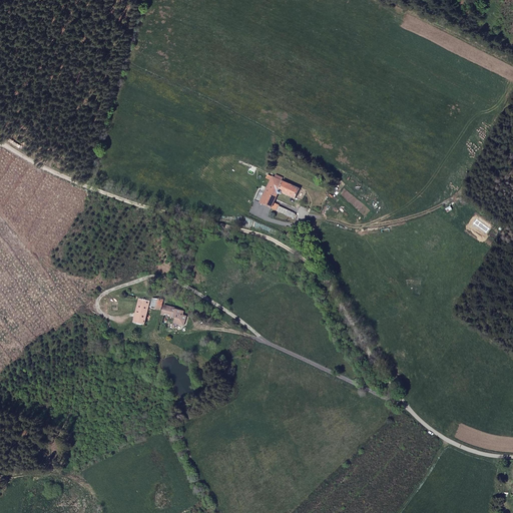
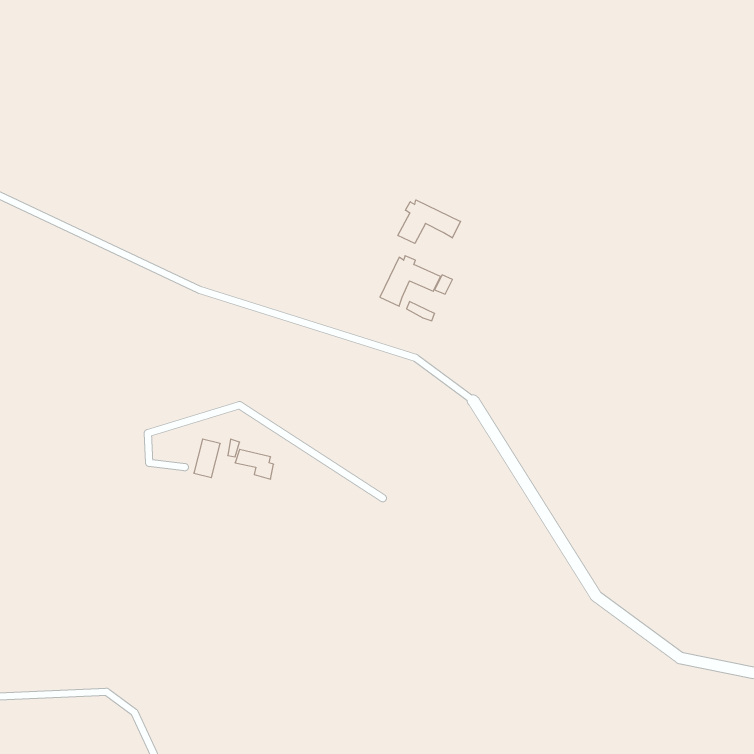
building: none -> [398,200,461,243]

